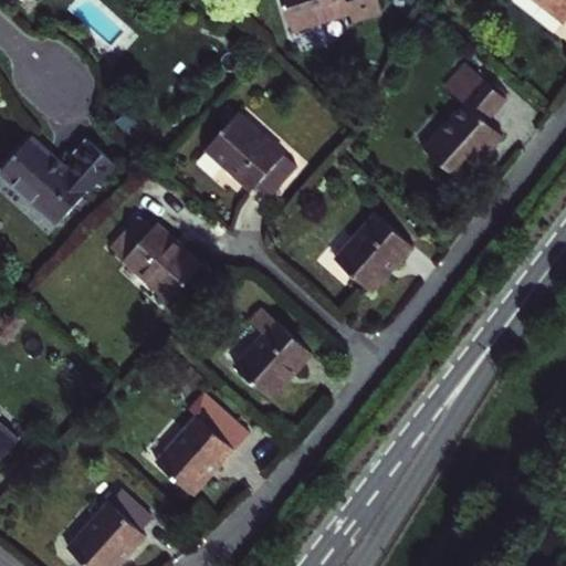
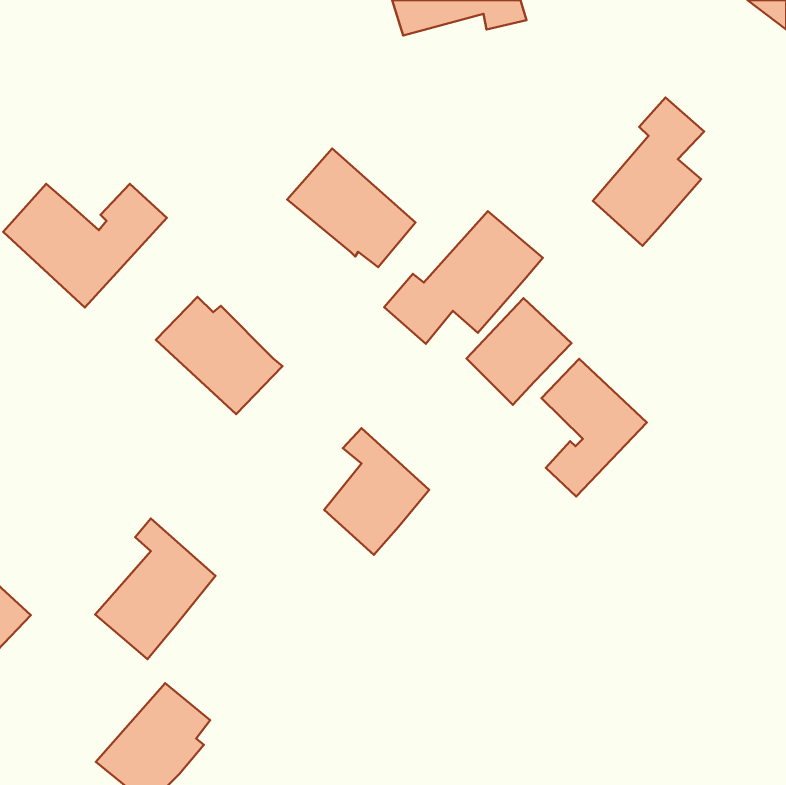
building: none -> [384,211,543,344]
building: none -> [541,359,647,497]
building: [155,395,241,495] -> [95,519,216,659]

